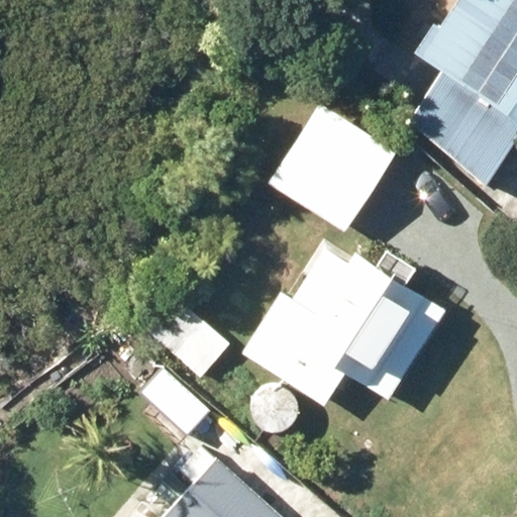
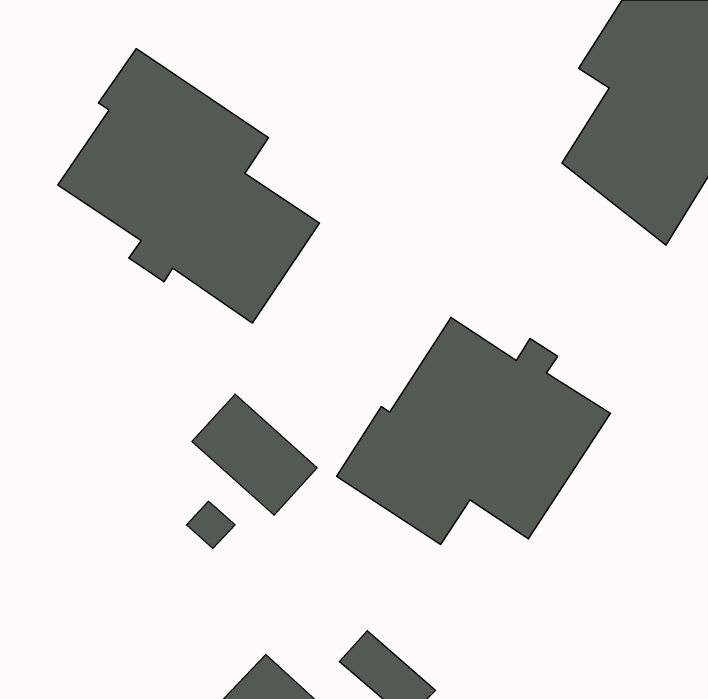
building: none -> [58,49,319,323]
building: [268,102,394,230] -> none

